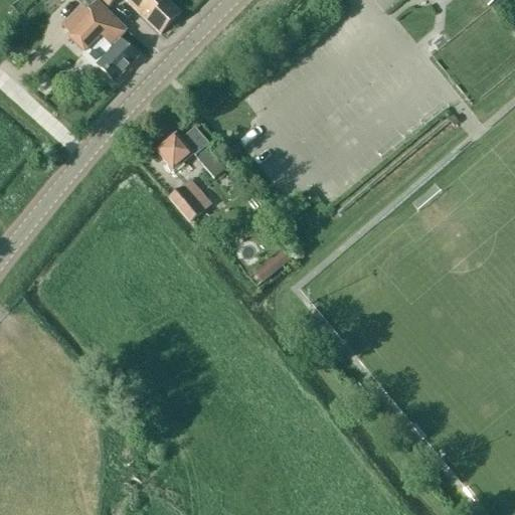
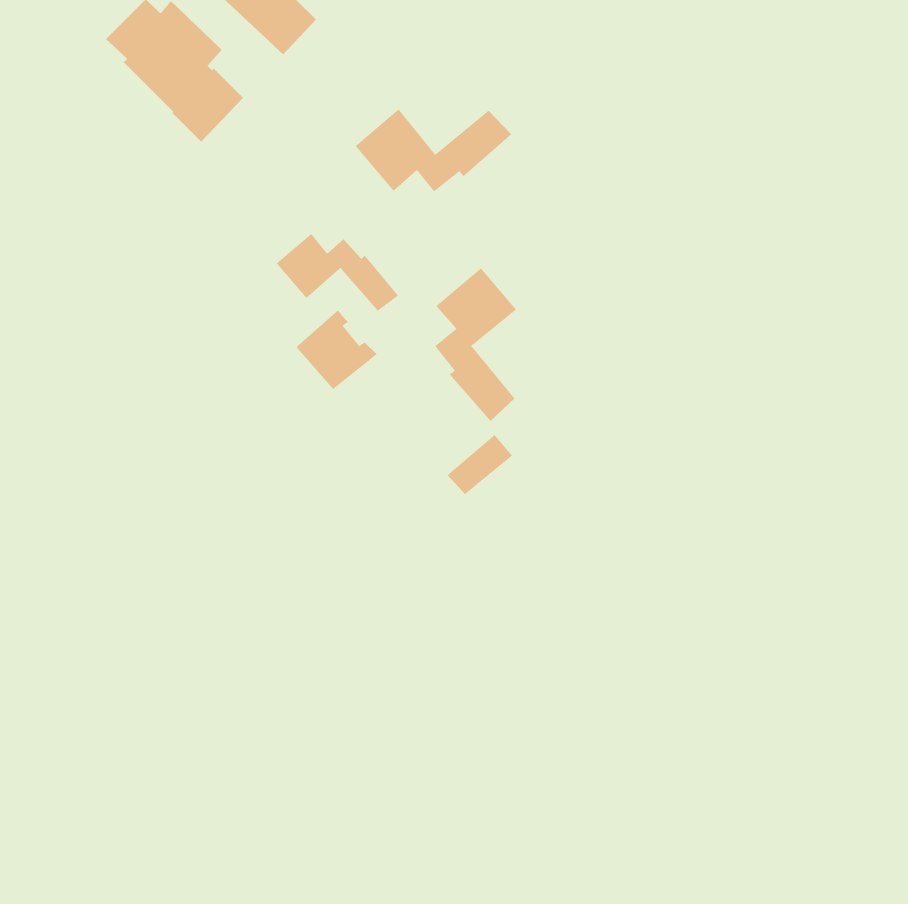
building: none -> [355,109,512,192]
building: none -> [434,268,517,422]

